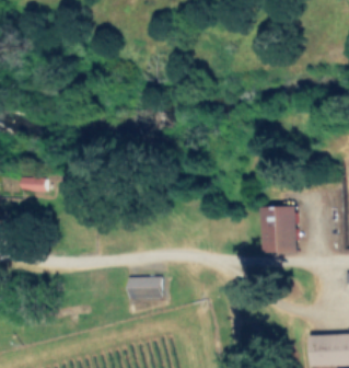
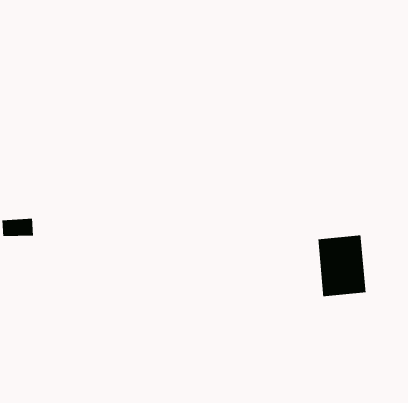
building: [127,276,161,299] -> none

